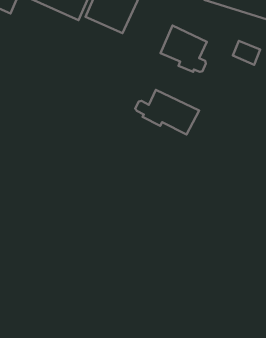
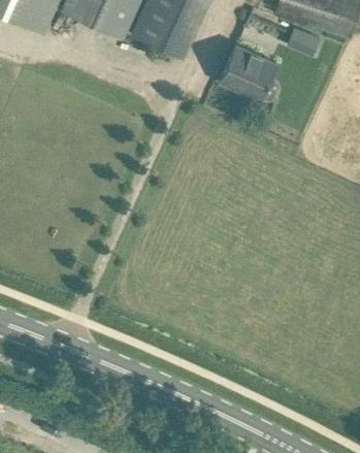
building: [233,41,260,65] -> [286,27,319,56]
building: [135,90,199,134] -> none

